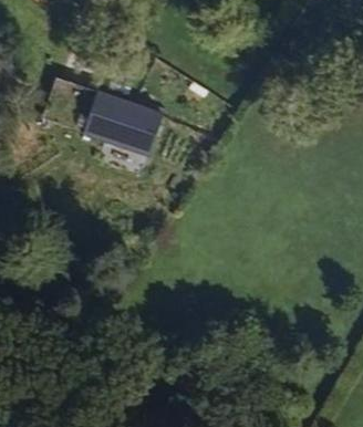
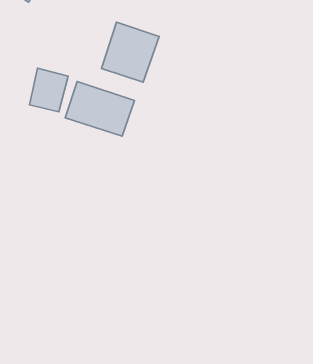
building: none -> [101,22,159,82]

